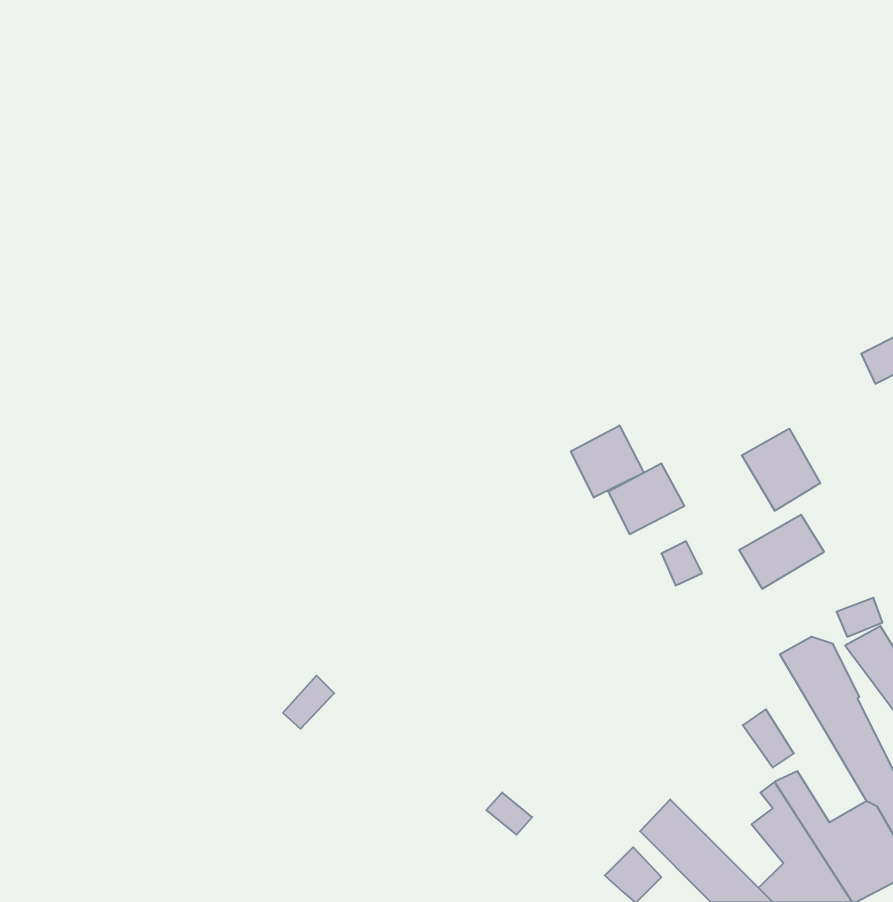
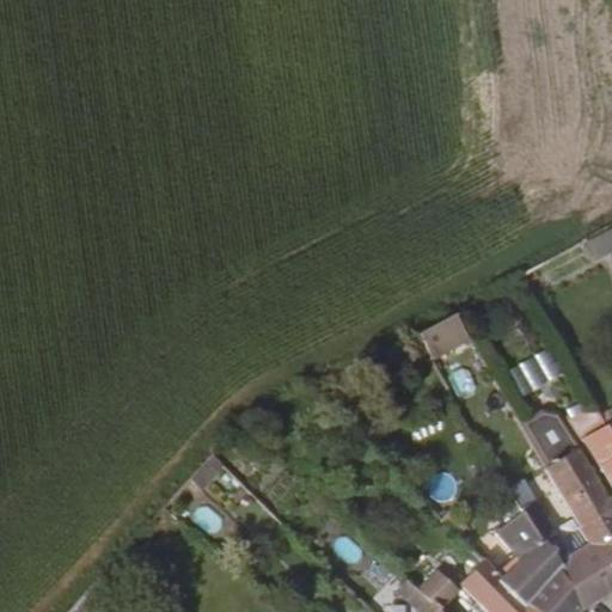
building: [571,425,644,498] -> none
building: [742,429,820,511] -> none

